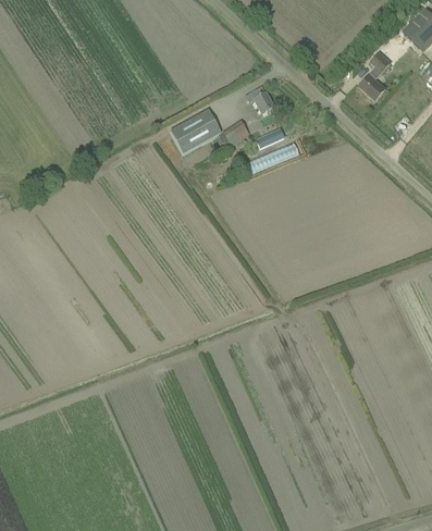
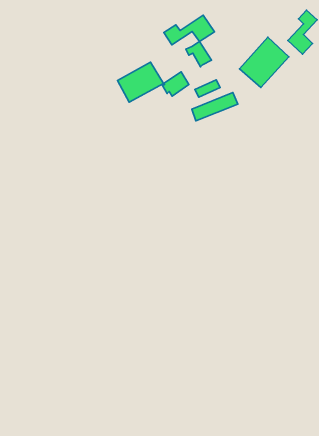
building: none -> [164,15,215,45]
building: none -> [240,37,289,88]

